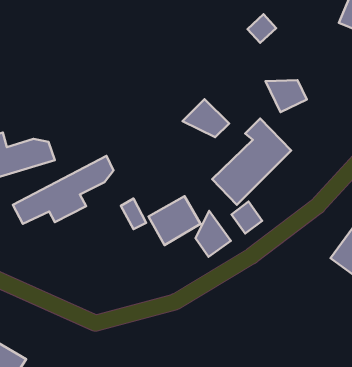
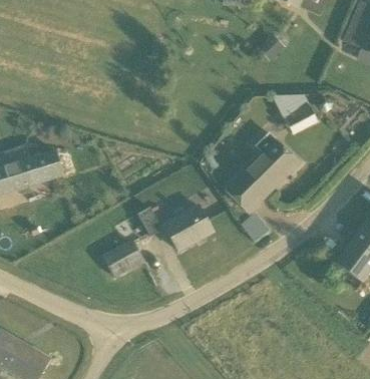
building: [183,99,229,137] -> none
building: [13,156,113,224] -> none
building: [195,211,231,257] -> none
building: none -> [102,240,142,276]

